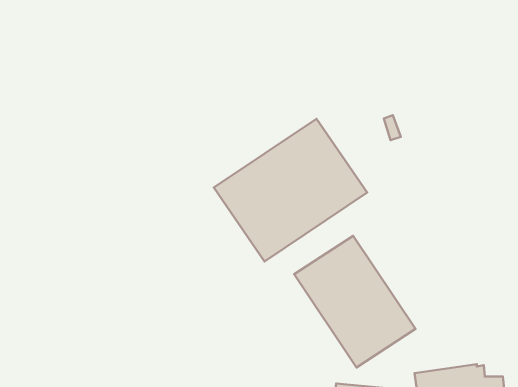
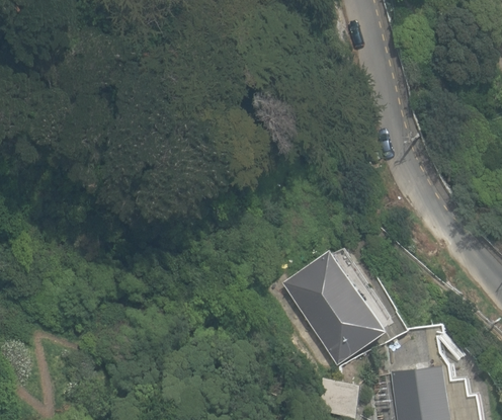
building: [214,119,367,261] -> none

